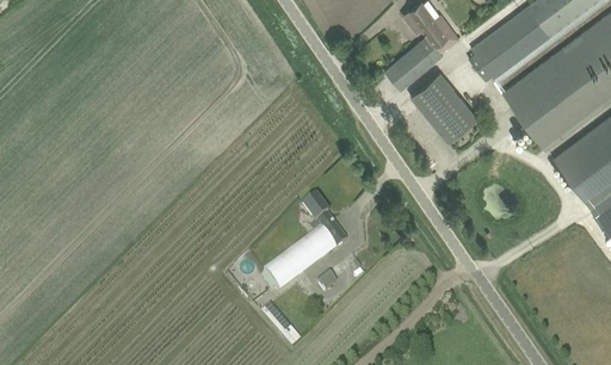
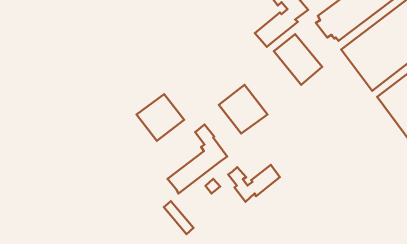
building: none -> [219,85,267,134]
building: none -> [137,94,184,141]
building: none -> [228,165,280,202]

